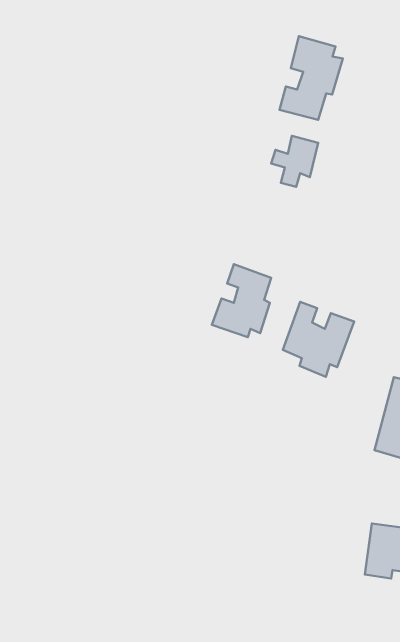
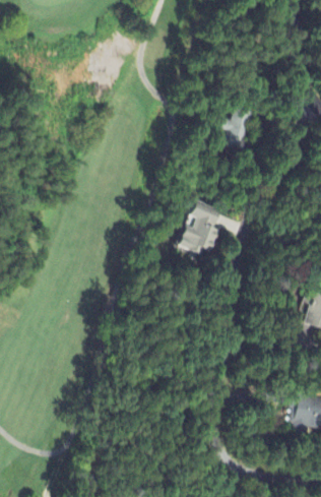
building: [280,36,343,120] -> none
building: [283,302,354,377] -> none

